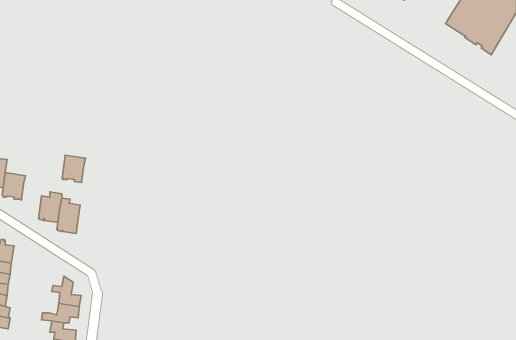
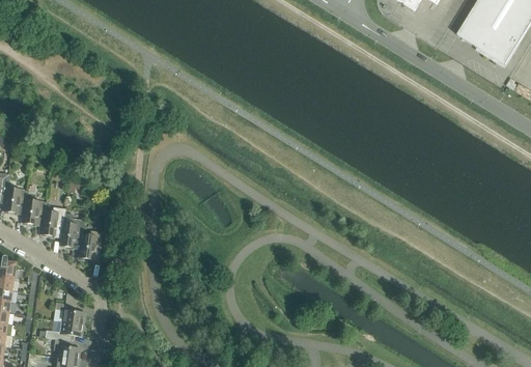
building: [62,155,86,183] -> [22,198,46,226]
building: none -> [78,229,102,260]

